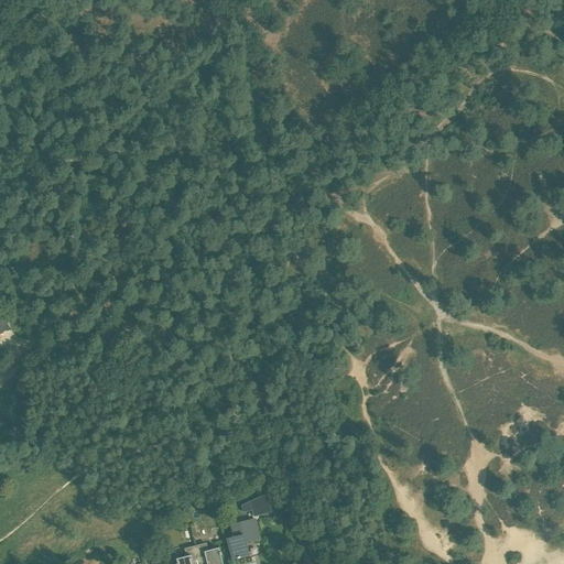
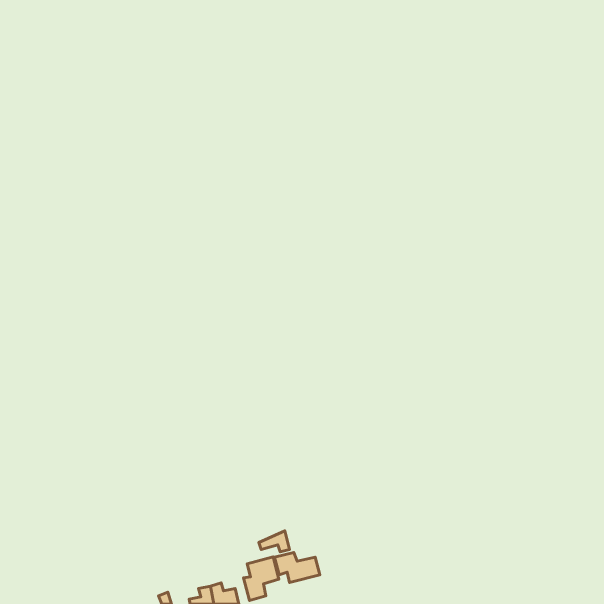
building: none -> [275,552,320,582]

